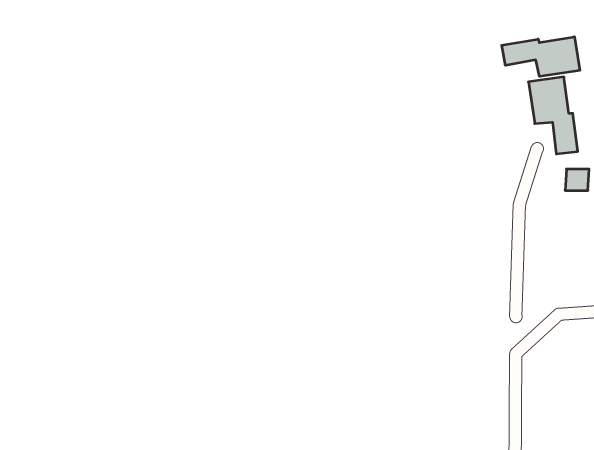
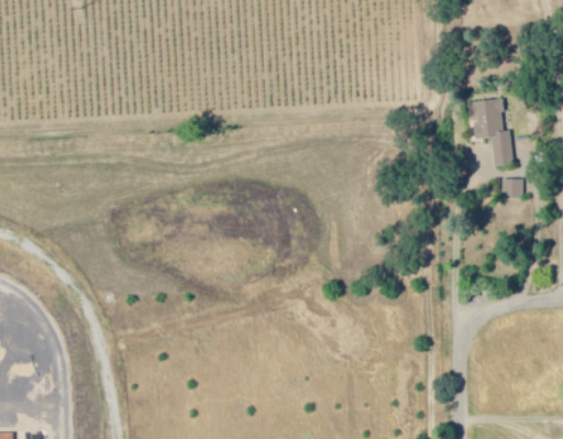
building: [502,37,580,76] -> none

